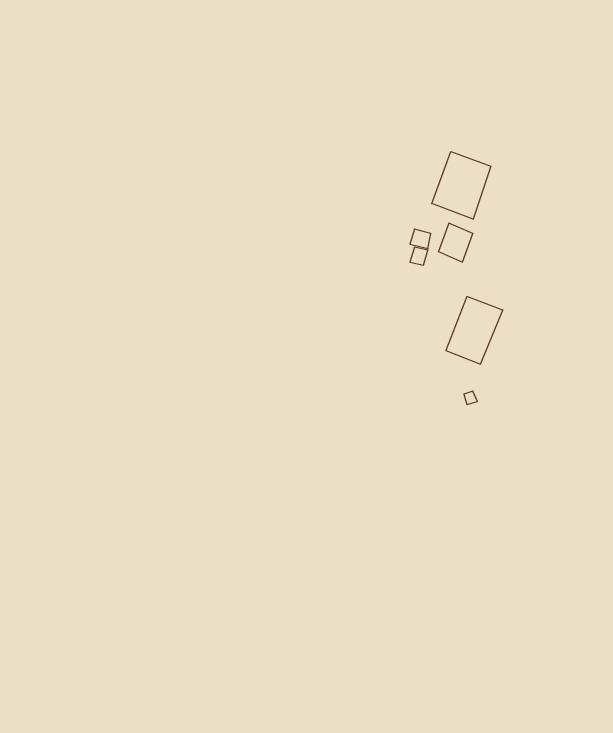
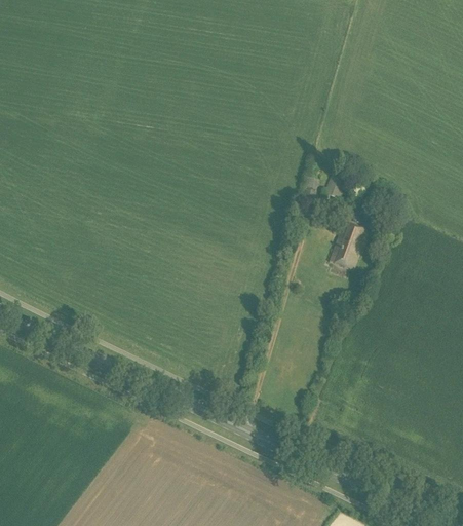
building: [432,152,491,219] -> none

